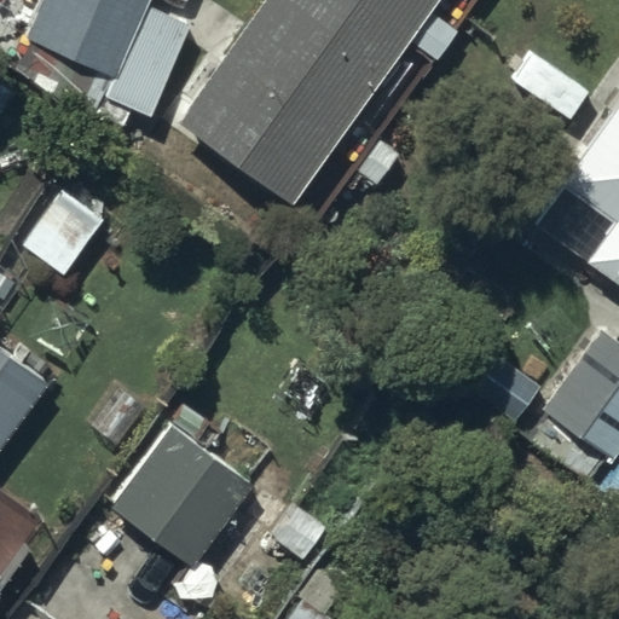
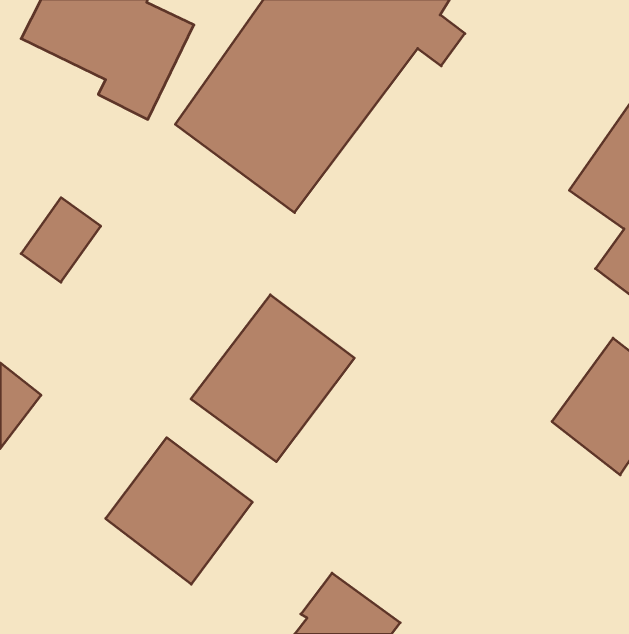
building: none -> [191,295,354,462]

